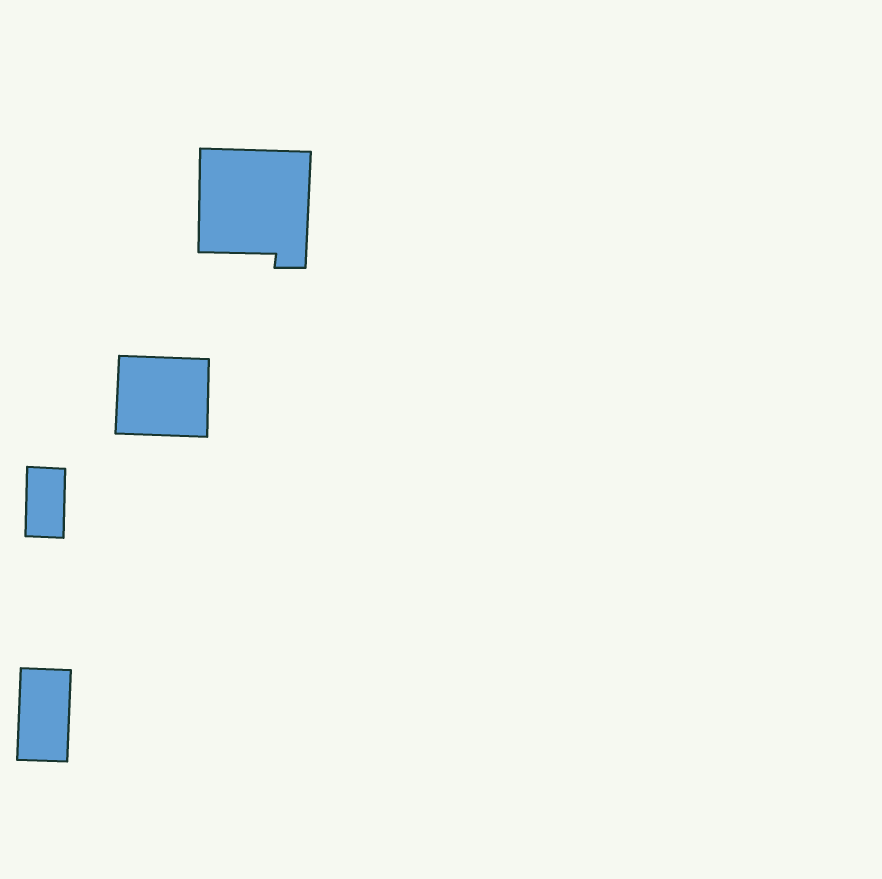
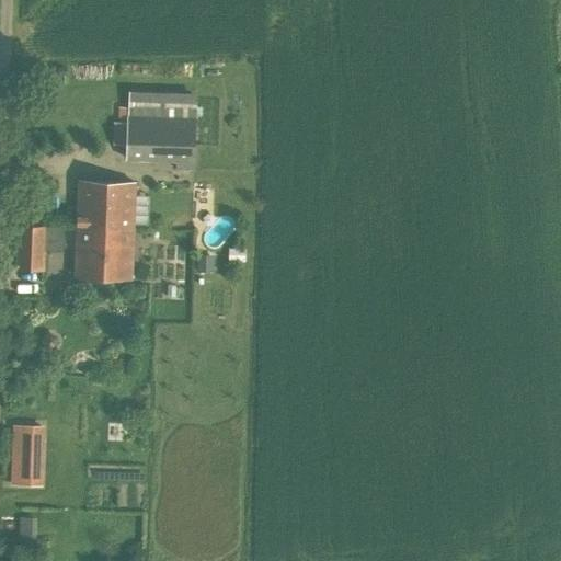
building: none -> [76,181,135,230]
building: [25,467,65,538] -> [18,227,43,272]

